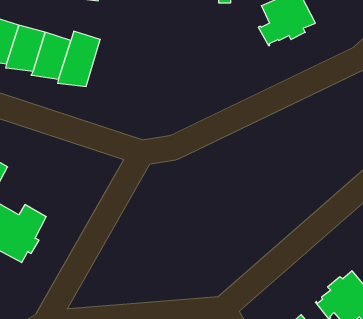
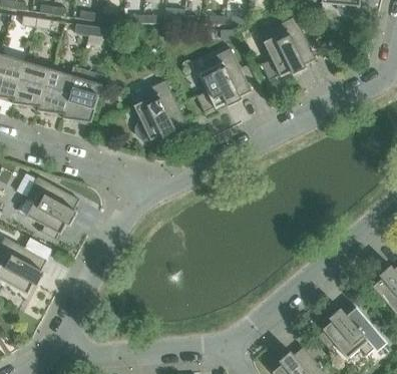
building: none -> [194,47,250,112]
building: none -> [131,78,184,139]
building: none -> [24,175,78,240]

